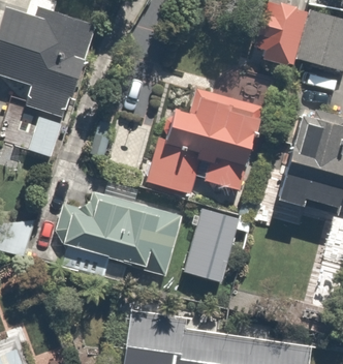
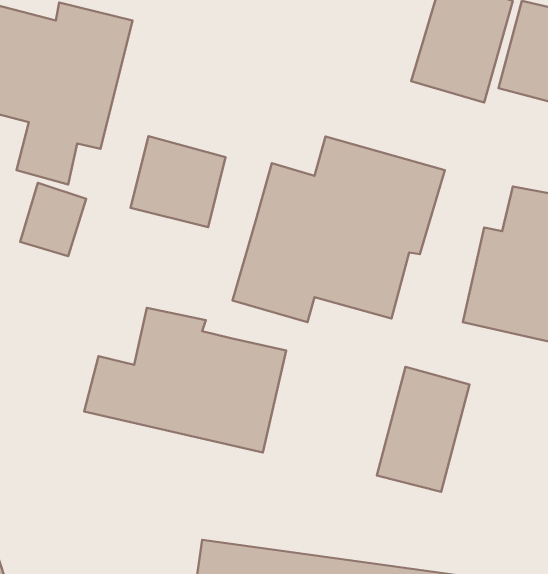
building: none -> [130,136,226,227]
building: [183,208,237,280] -> [377,367,470,492]

